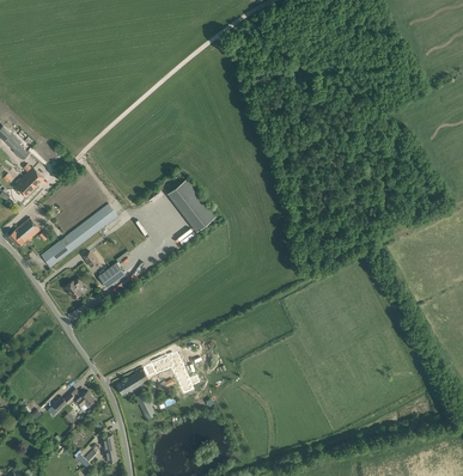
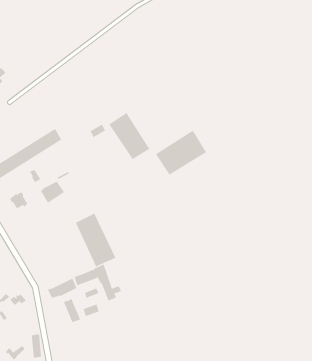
building: none -> [155,130,207,176]
building: none -> [75,213,116,267]

